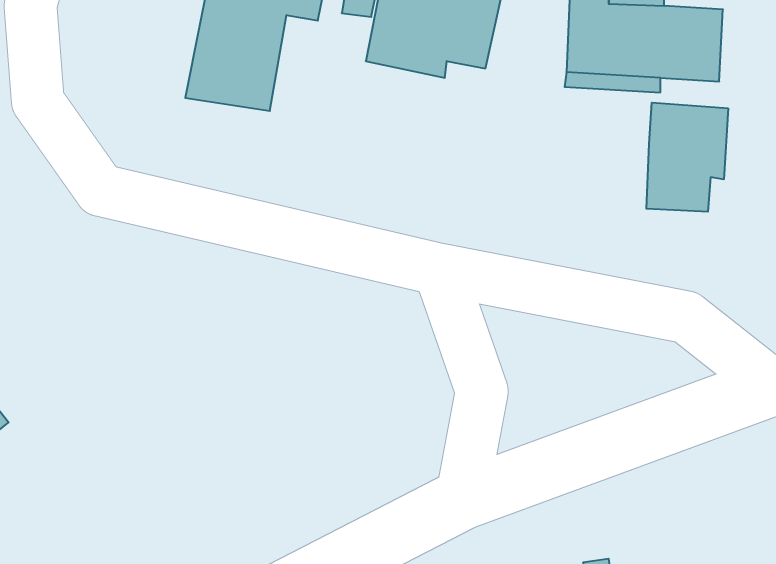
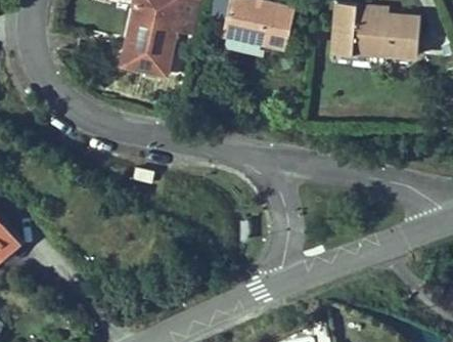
building: [646,103,728,212] -> none

